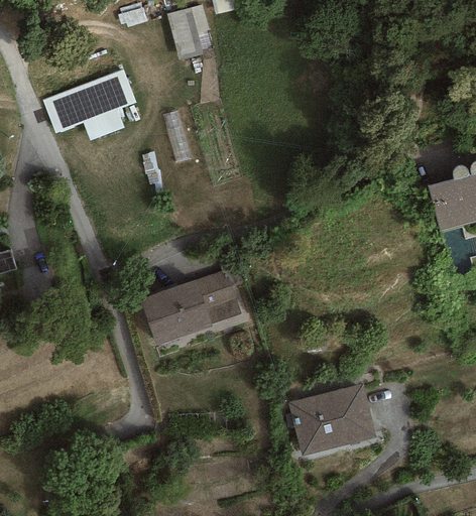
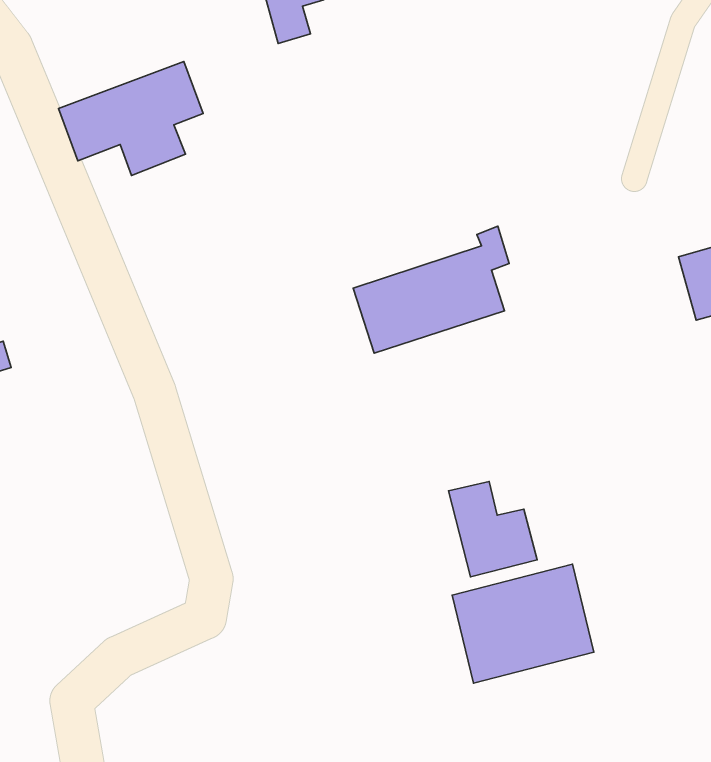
building: [144,256,241,335] -> [353,226,509,353]
building: none -> [448,481,537,577]

